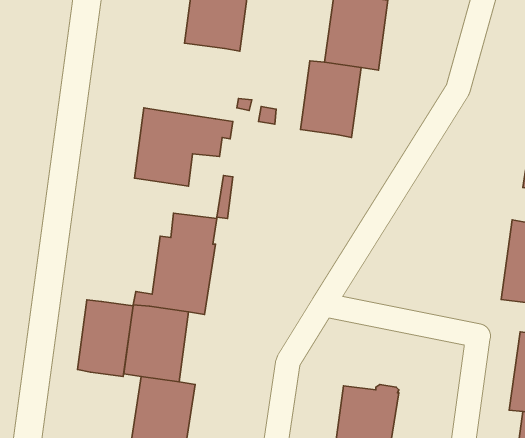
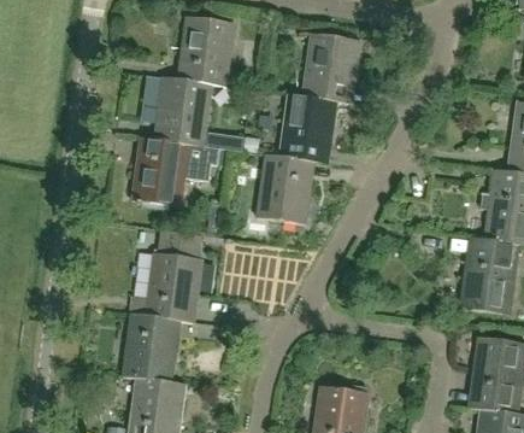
building: none -> [155,77,213,146]
building: none -> [258,154,314,223]
building: [77,300,133,377] -> none

